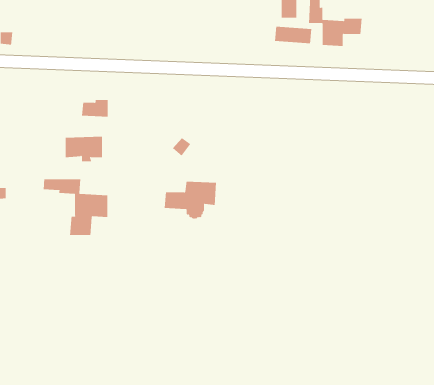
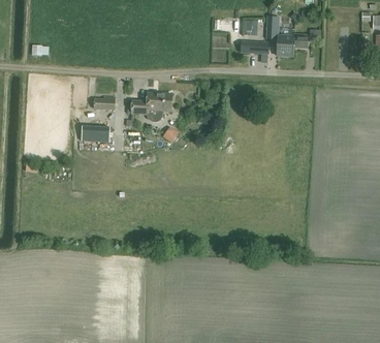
building: [43,179,108,236] -> none
building: [164,181,217,219] -> [131,93,171,122]

